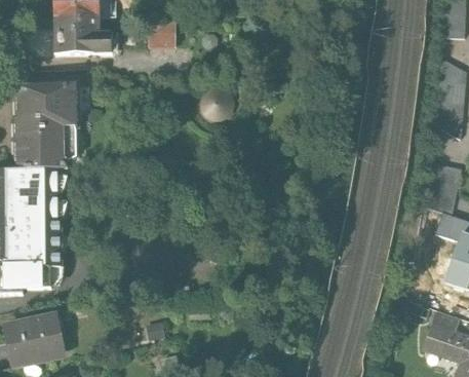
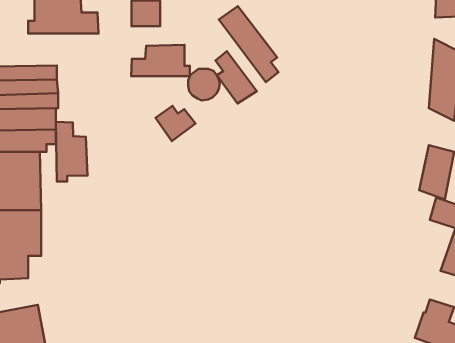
building: none -> [219,6,278,82]
building: none -> [131,45,190,76]
building: none -> [215,51,257,103]
building: none -> [156,106,195,141]
building: none -> [56,122,87,182]

